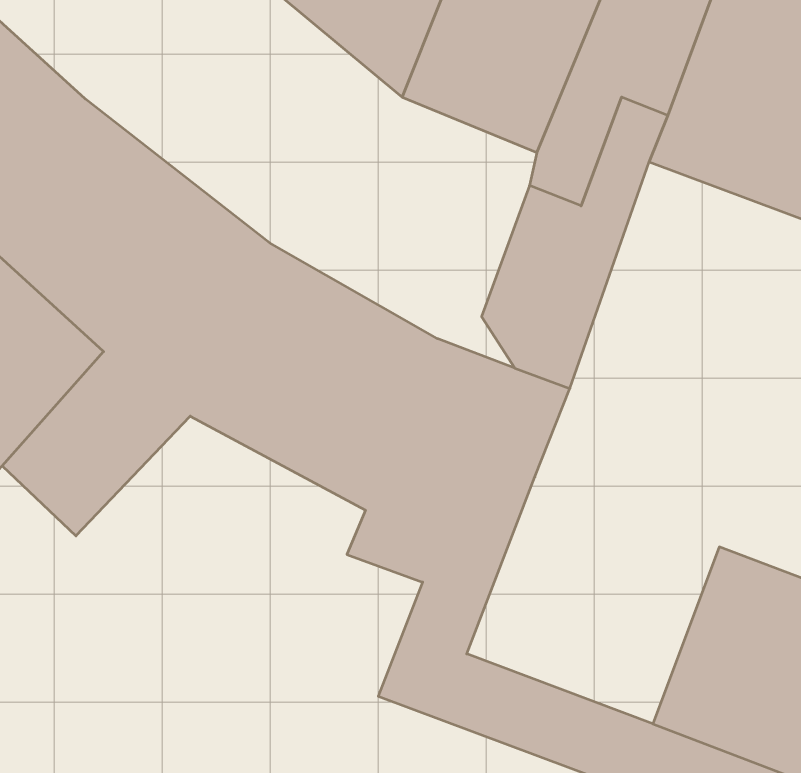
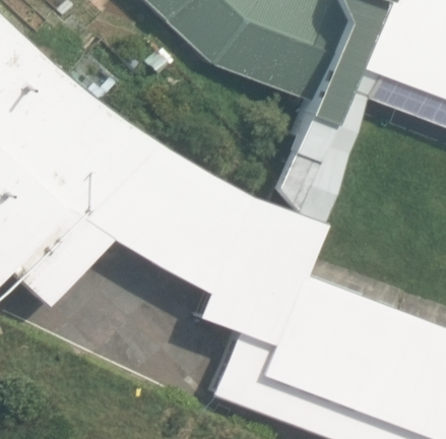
building: none -> [260,272,399,409]

